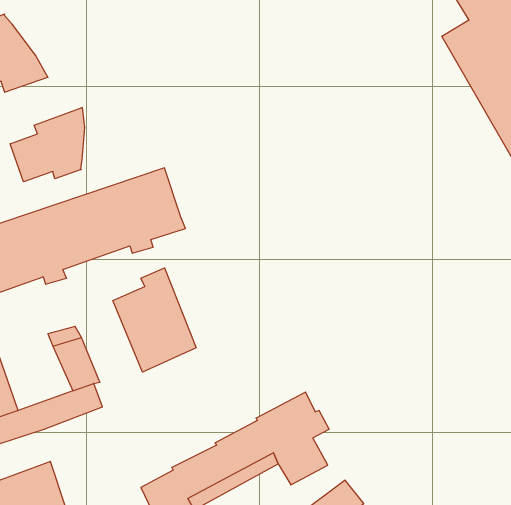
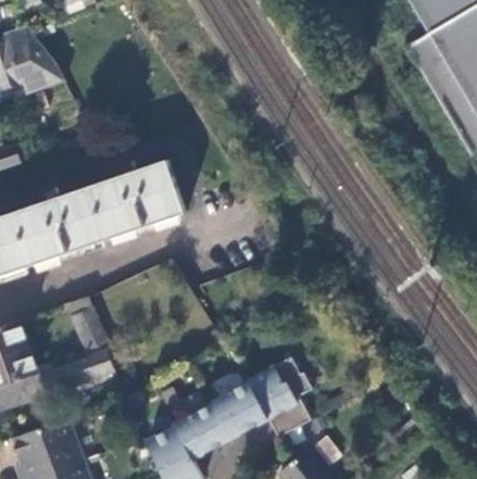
building: [10,107,84,182] -> none
building: [113,268,196,372] -> none

